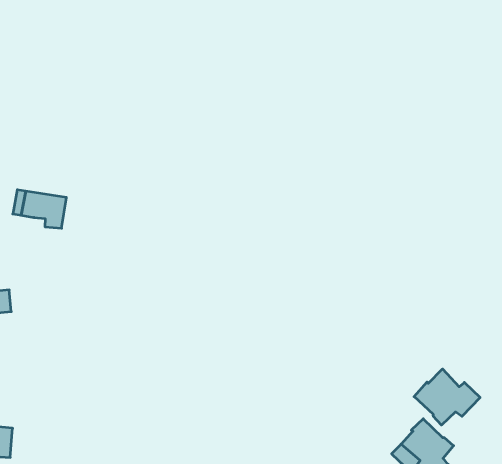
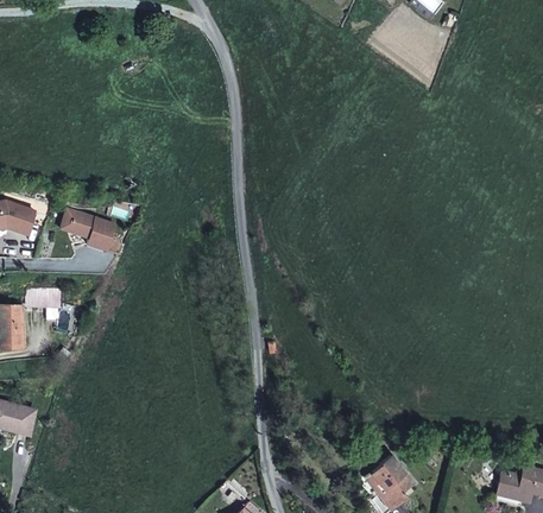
building: [414,369,480,425] -> none

